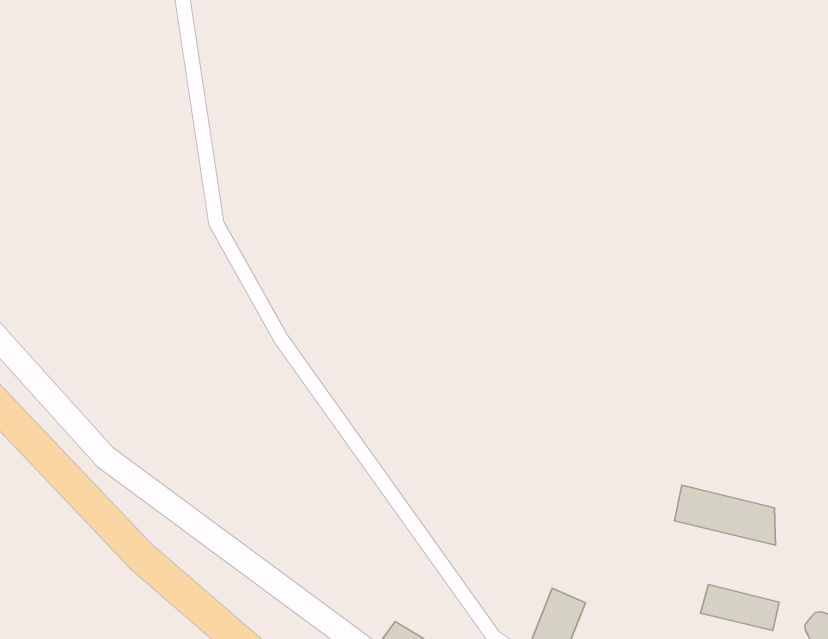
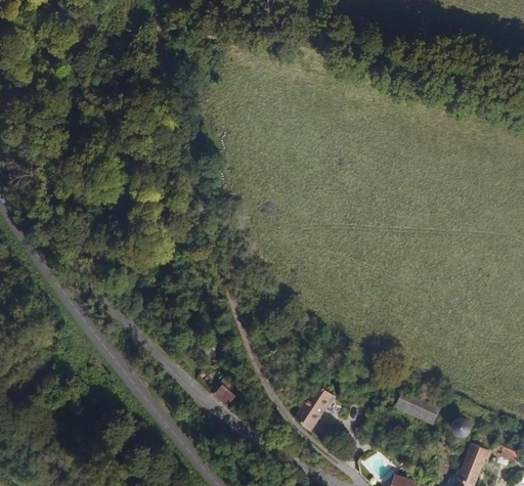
building: [675,485,776,545] -> none

